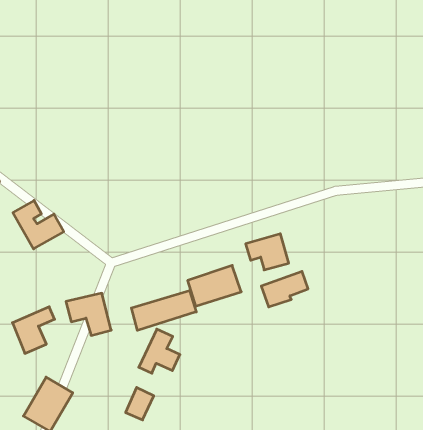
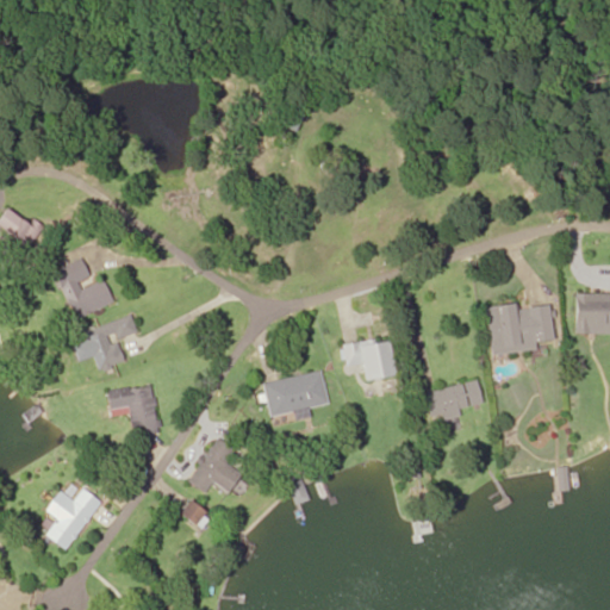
building: none -> [485,303,553,355]
building: [261,271,308,307] -> [424,381,483,421]
building: [131,291,196,330] -> none
building: [12,307,55,353] -> [85,316,138,371]

